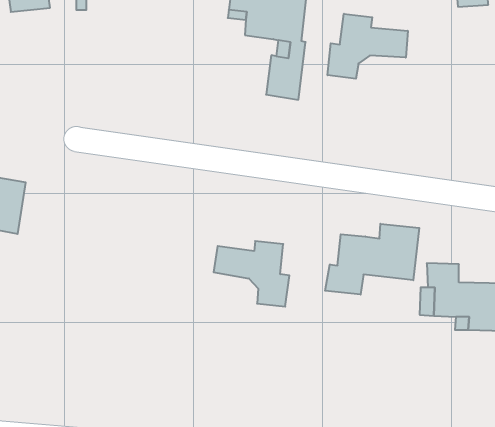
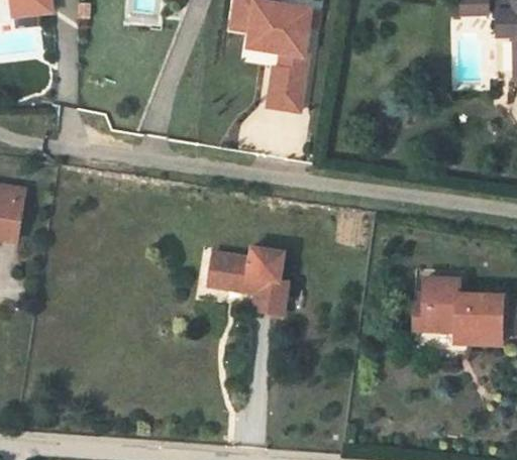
building: [328,14,408,79] -> none
building: [325,224,419,295] -> none

